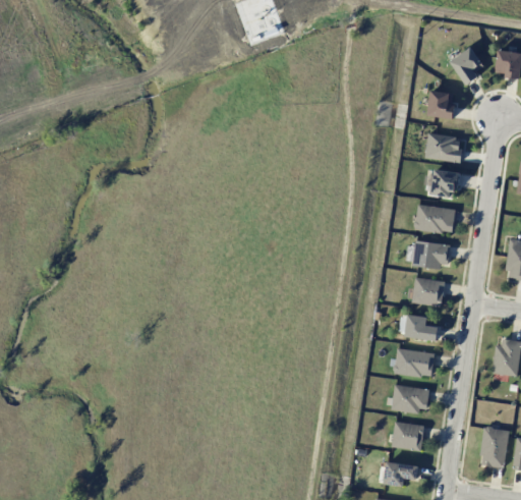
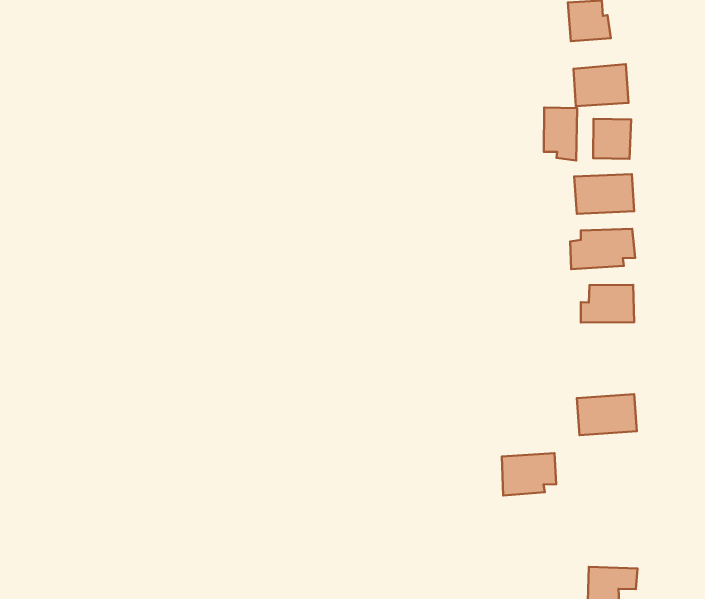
building: none -> [544,108,577,160]
building: [399,315,439,340] -> none
building: [392,385,429,412] -> [502,453,556,496]
building: [393,423,424,450] -> none

